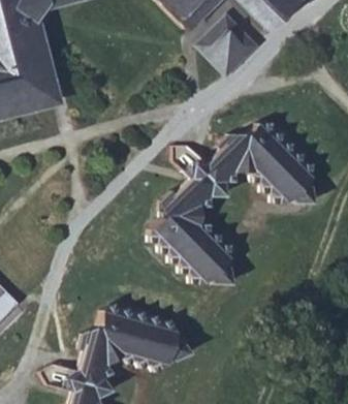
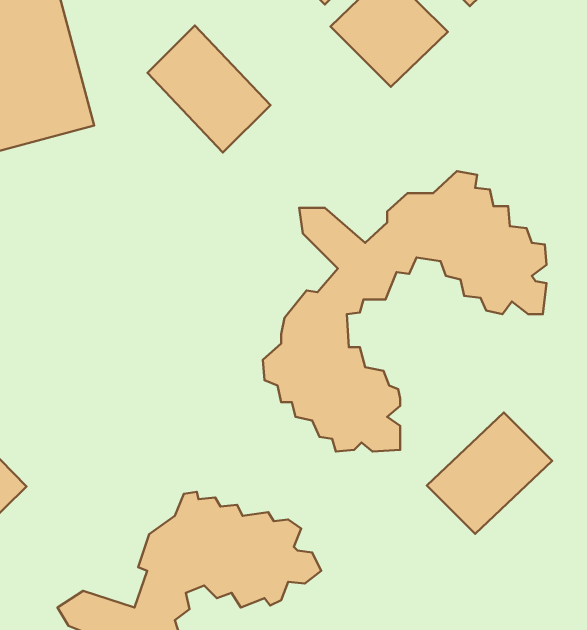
building: none -> [147,26,270,152]
building: none -> [427,412,552,534]

